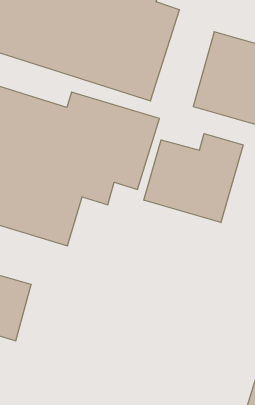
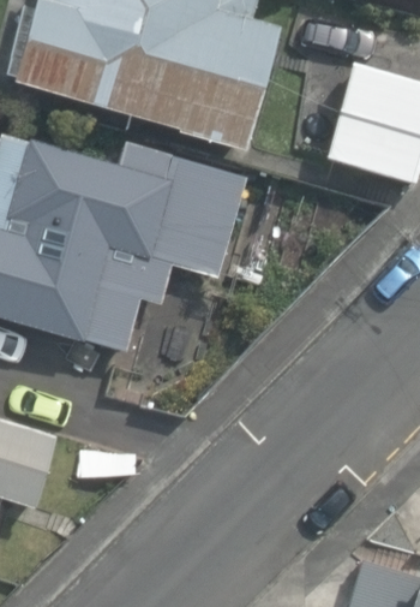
building: [144,134,243,223] -> none

